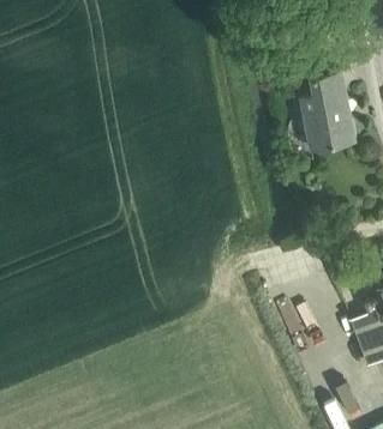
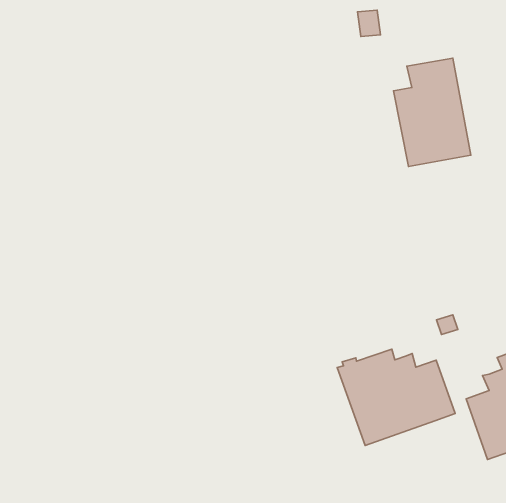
building: none -> [337,349,455,445]

